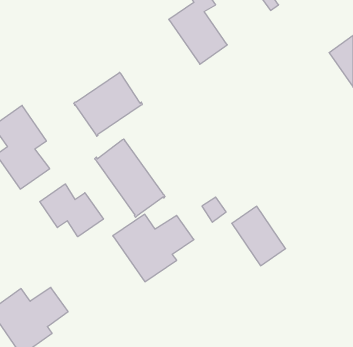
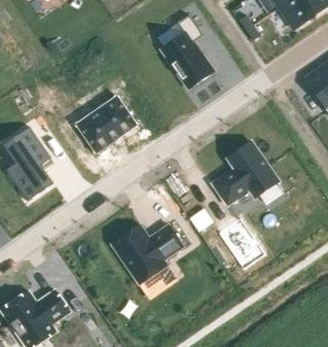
building: none -> [213,141,279,205]
building: [95,139,165,217] -> none
building: [40,184,103,237] -> none

